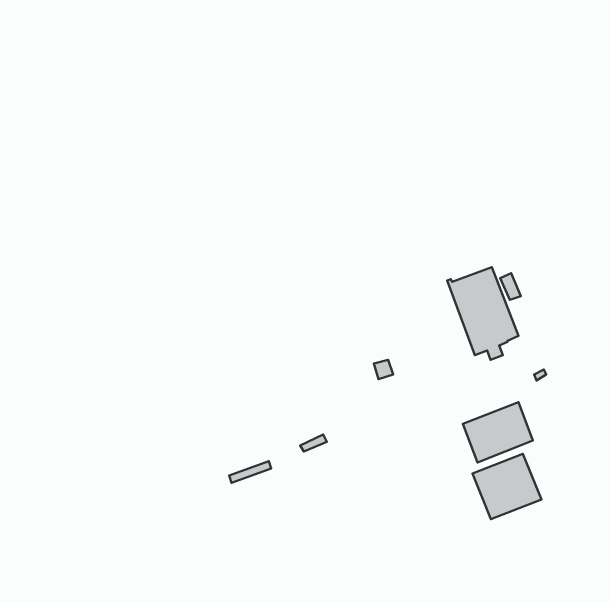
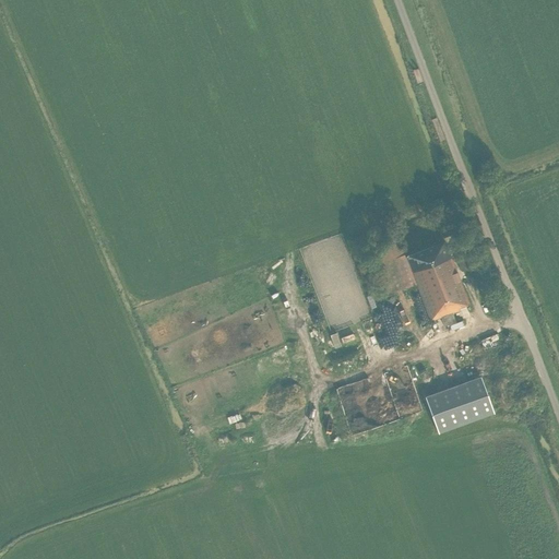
building: [472,454,541,519] -> none

